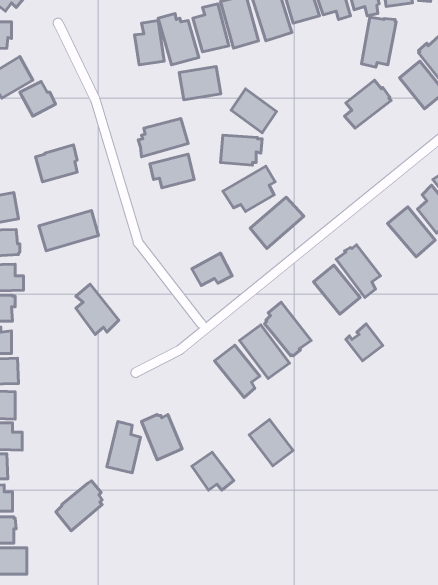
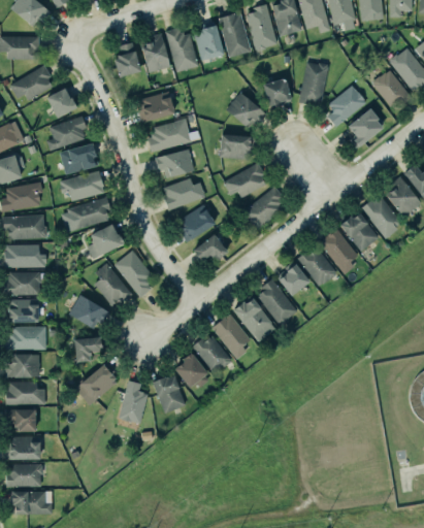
building: [362,17,396,67] -> [298,62,328,105]
building: none -> [115,42,142,78]
building: [179,67,221,100] -> [138,93,174,122]
building: none -> [262,79,291,108]
building: none -> [348,109,383,150]
building: none -> [46,117,90,152]
building: none -> [59,170,102,200]
building: none -> [163,179,205,208]
building: none -> [178,204,217,243]
building: none -> [341,212,380,253]
building: none -> [84,221,124,260]
building: none -> [111,249,152,297]
building: none -> [67,294,108,328]
building: [346,324,383,361] -> [275,262,307,294]
building: none -> [72,335,100,361]
building: [249,419,293,466] -> [194,334,232,374]
building: [192,452,234,490] -> [175,355,211,388]
building: [56,481,102,531] -> [74,361,115,404]

